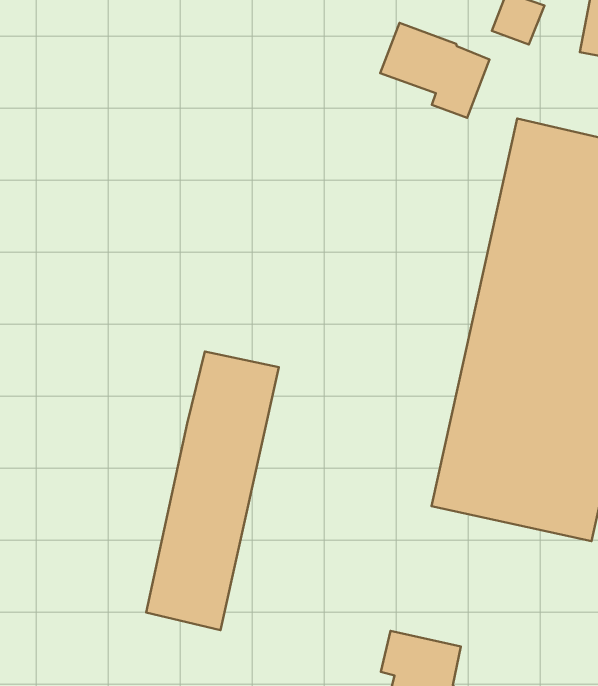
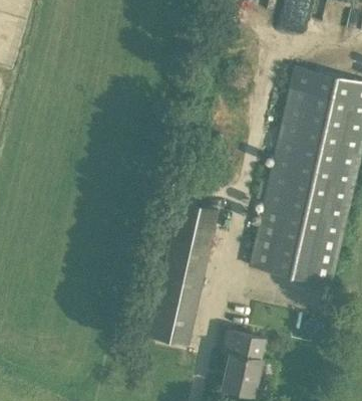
building: [380,23,490,118] -> none
building: [146,352,279,630] -> [150,203,219,347]

